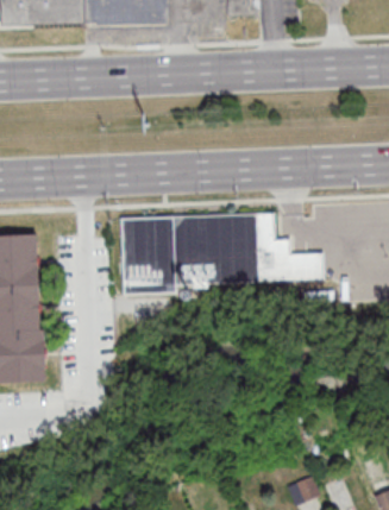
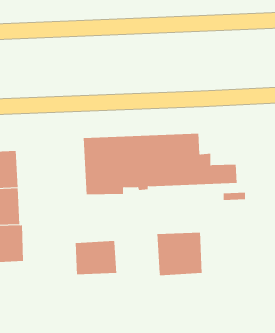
building: none -> [157,232,202,276]
building: none -> [75,240,117,275]

